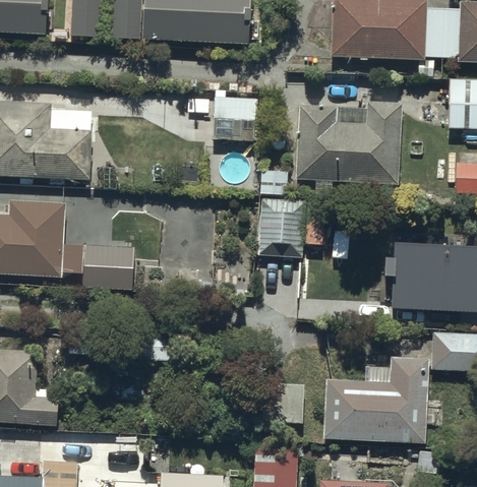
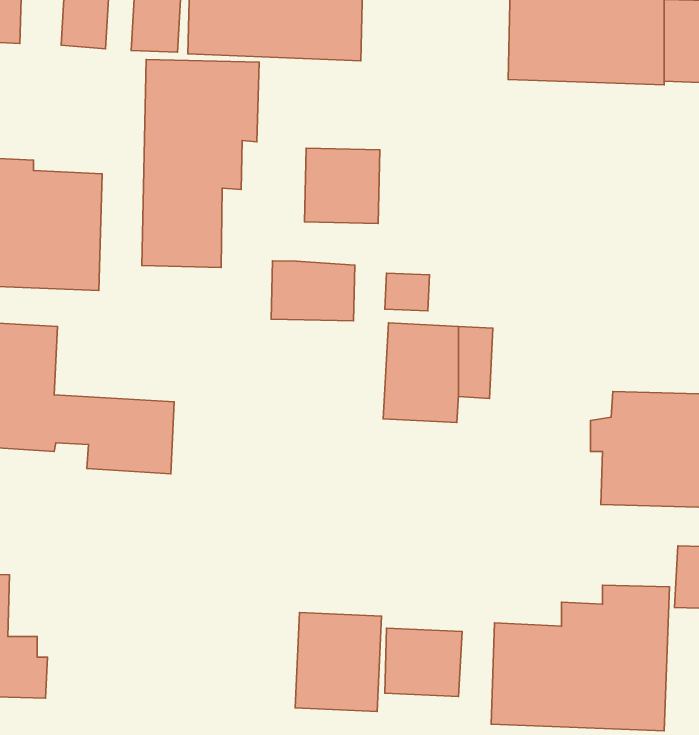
building: none -> [142,60,259,268]
building: [297,101,401,184] -> none
building: none -> [271,261,355,321]
building: none -> [295,613,381,711]

